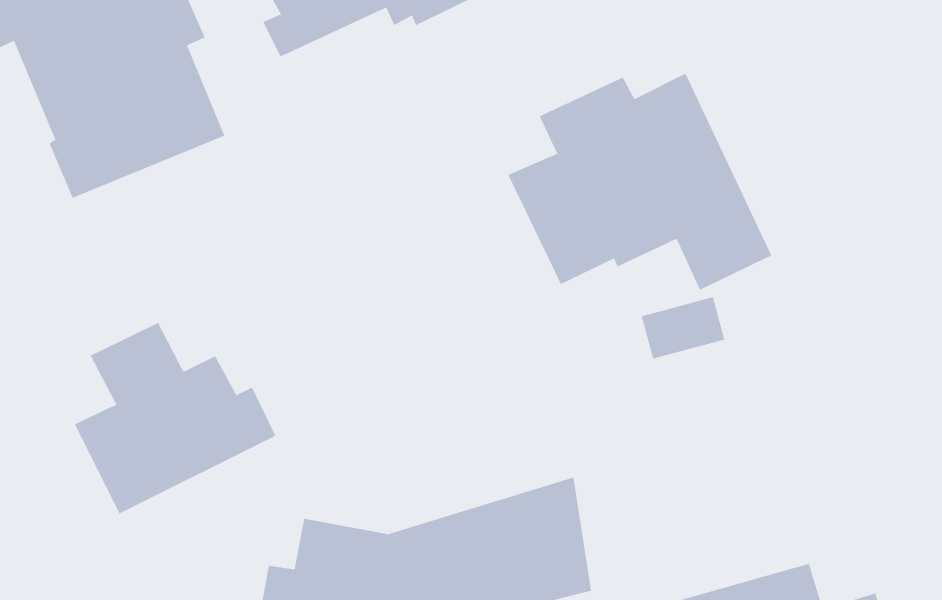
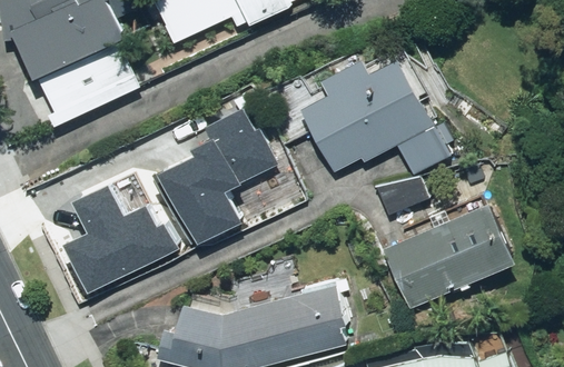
building: none -> [161,103,273,231]
building: none -> [378,199,520,313]

